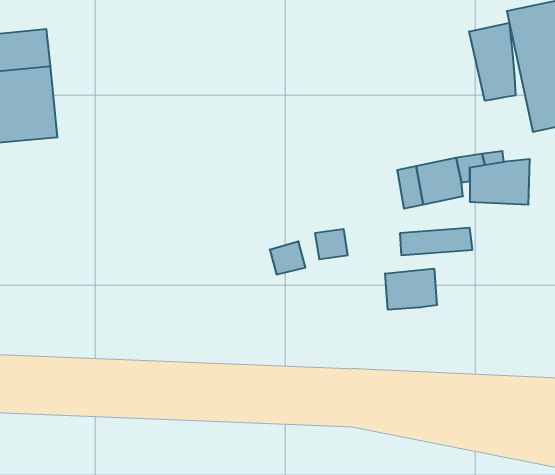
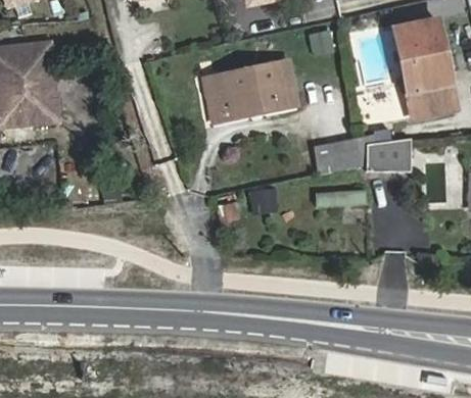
building: [469,23,516,101] -> none
building: none -> [215,59,296,119]
building: [385,269,437,310] -> none

